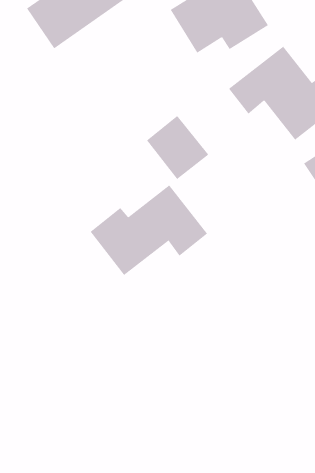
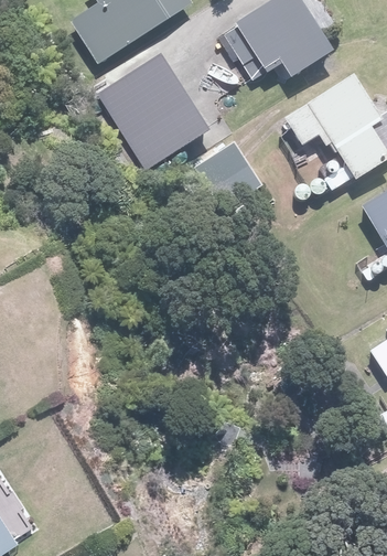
building: none -> [99,56,207,168]
building: [90,184,208,276] -> none

